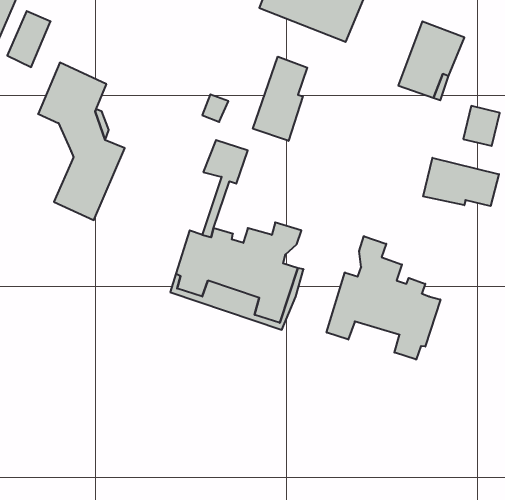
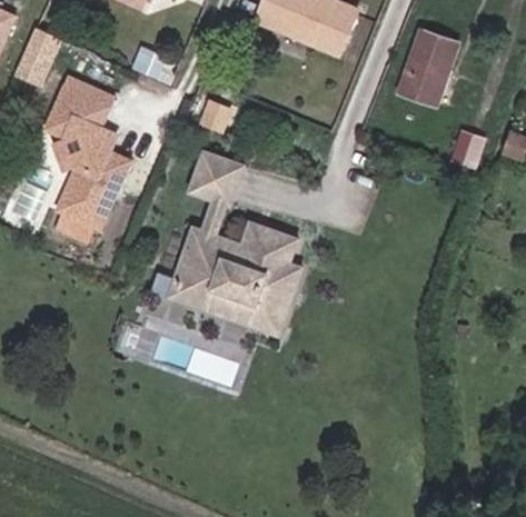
building: [253,57,307,141] -> none
building: [423,158,499,206] -> none
building: [327,236,440,360] -> none

